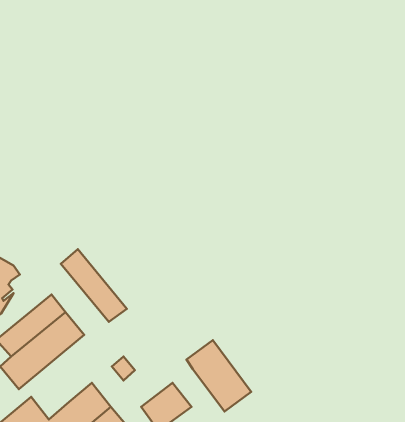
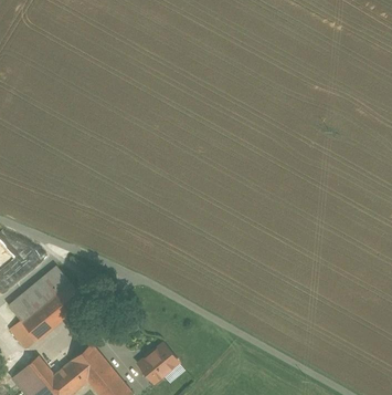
building: [61,249,127,322] -> none
building: [186,340,251,411] -> none

